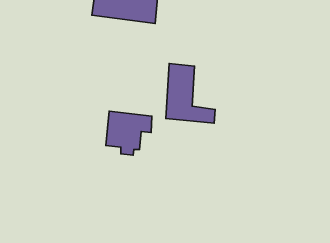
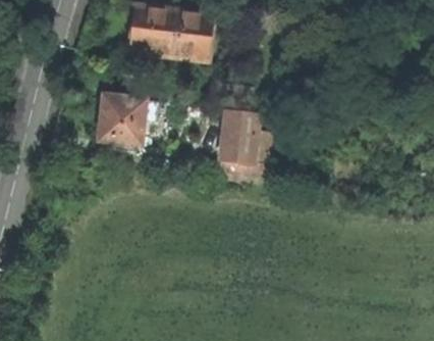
building: [106,111,152,155] -> [98,95,155,150]

